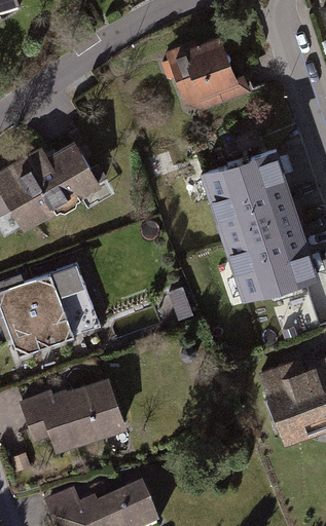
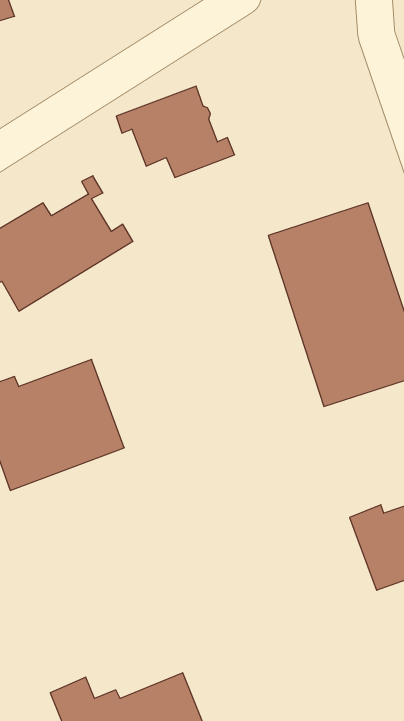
building: [162,41,248,107] -> [116,86,235,177]
building: [22,381,123,450] -> none

